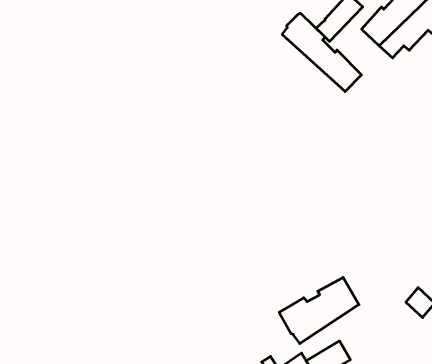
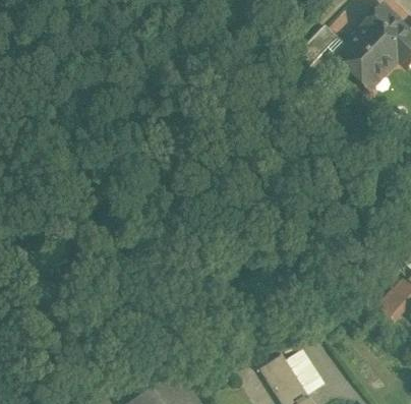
building: [282,13,361,92] -> none
building: [279,277,359,344] -> none

